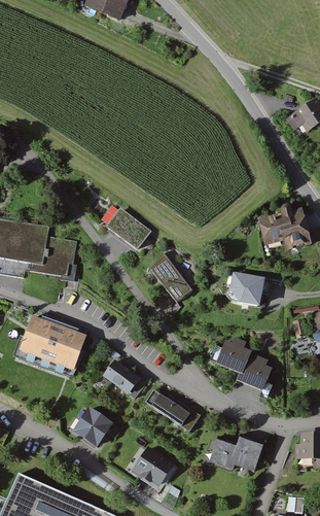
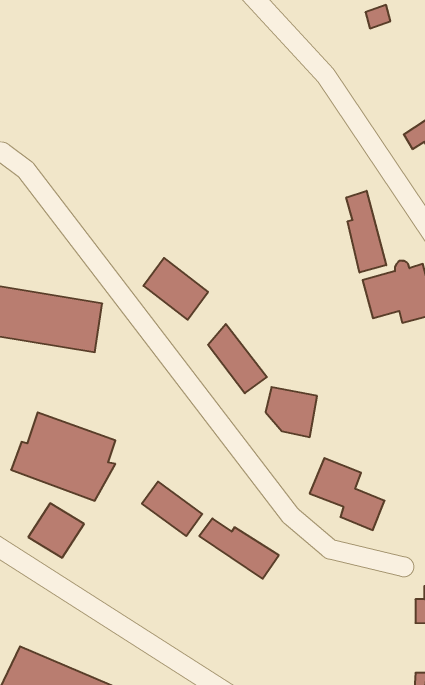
building: none -> [346,191,386,273]
building: [228,269,264,304] -> [266,387,317,437]
building: [73,409,112,447] -> [28,503,84,558]
building: [210,439,262,472] -> none
building: [131,444,174,485] -> none

